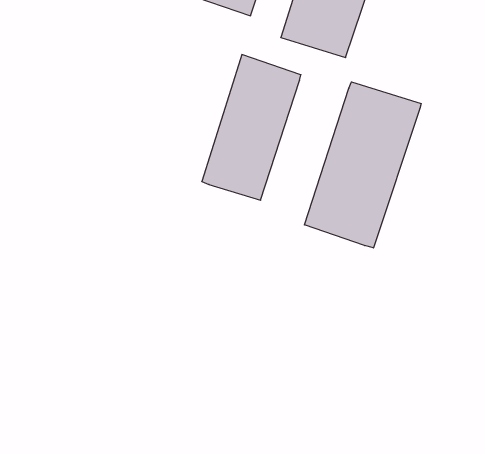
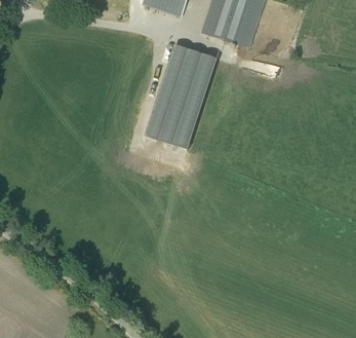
building: [304,82,421,248] -> none

